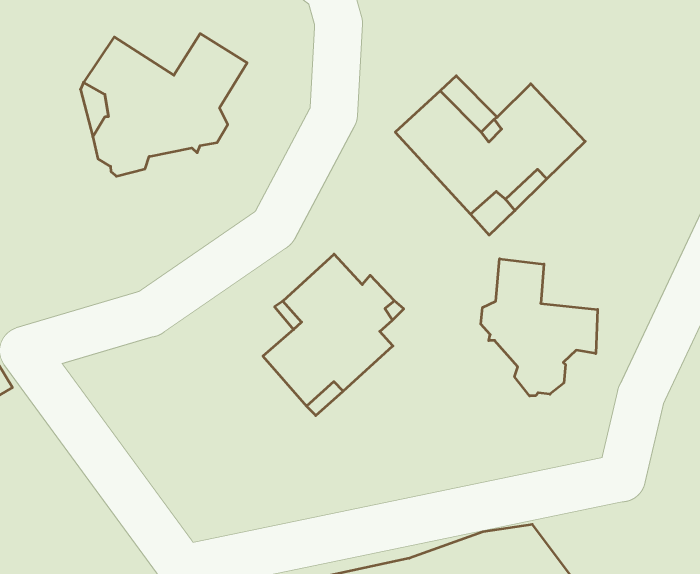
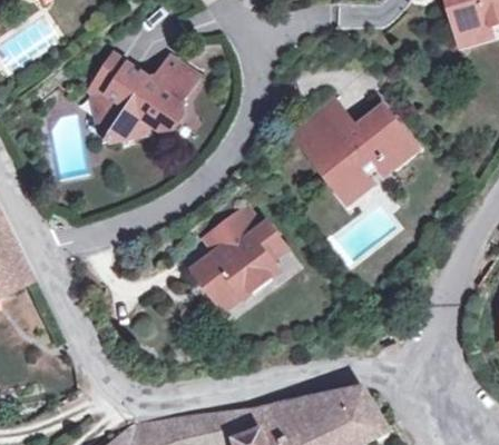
building: [481,259,598,396] -> none

